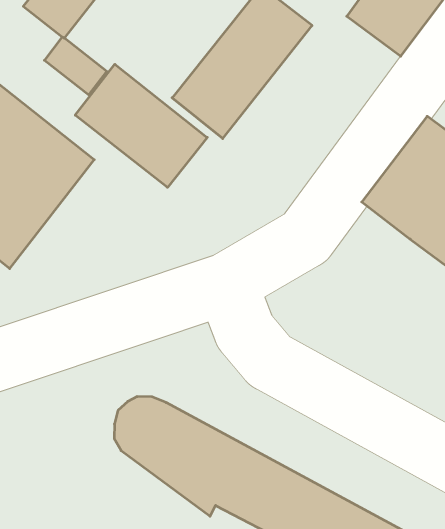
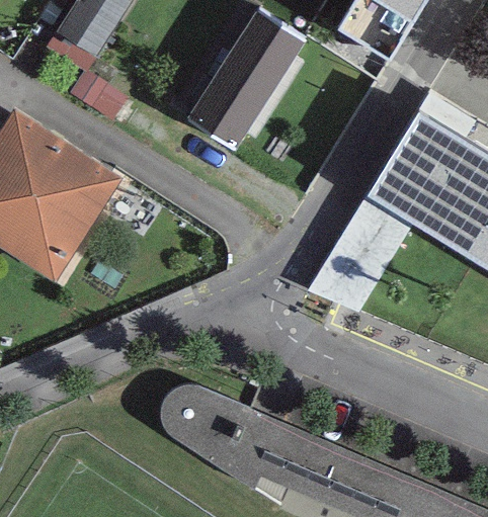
building: [75,64,207,187] -> none
building: none -> [306,194,411,313]

